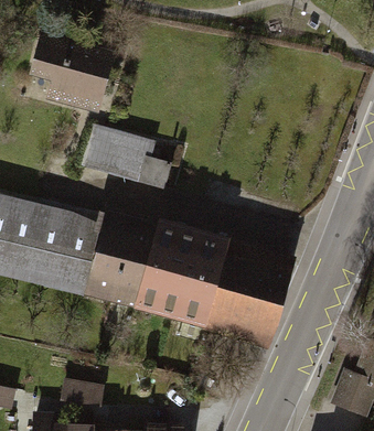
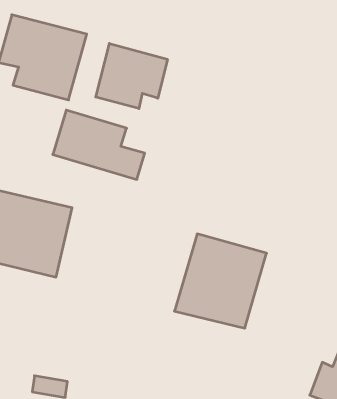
building: none -> [96,43,167,109]
building: [85,212,222,321] -> none

